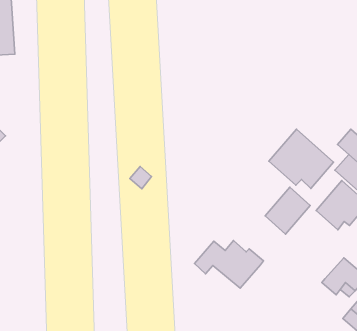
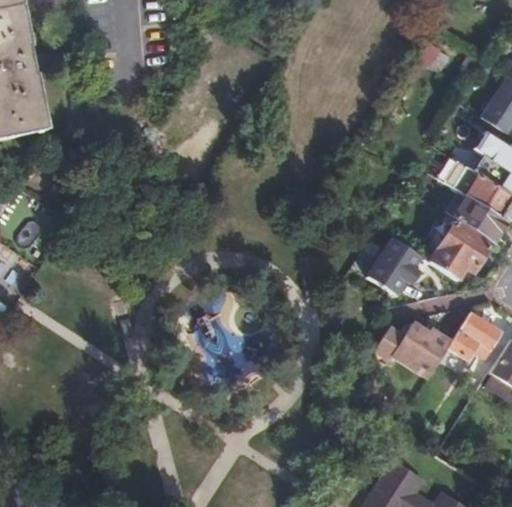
building: [269,129,333,189] -> none
building: [194,241,264,288] -> [372,321,453,376]

